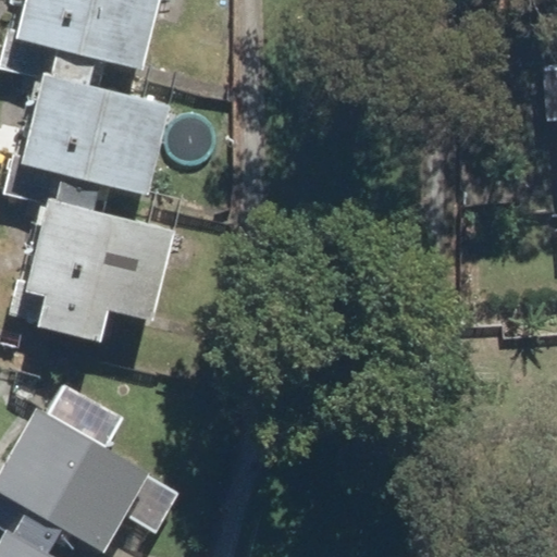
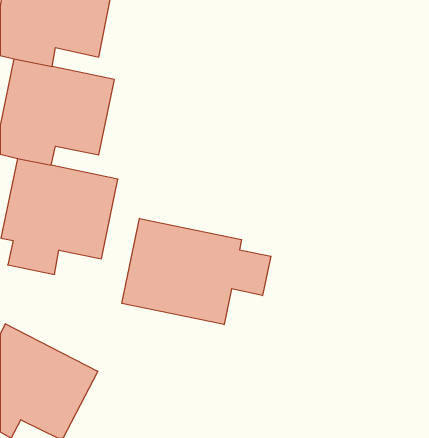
building: none -> [122,218,271,325]

